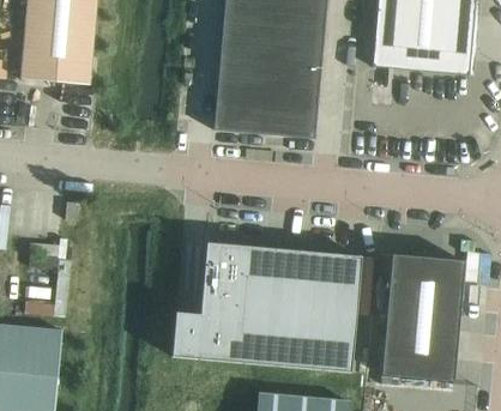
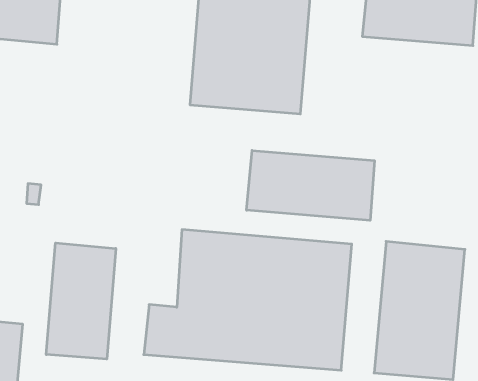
building: none -> [247,150,374,220]
building: none -> [46,243,116,359]

